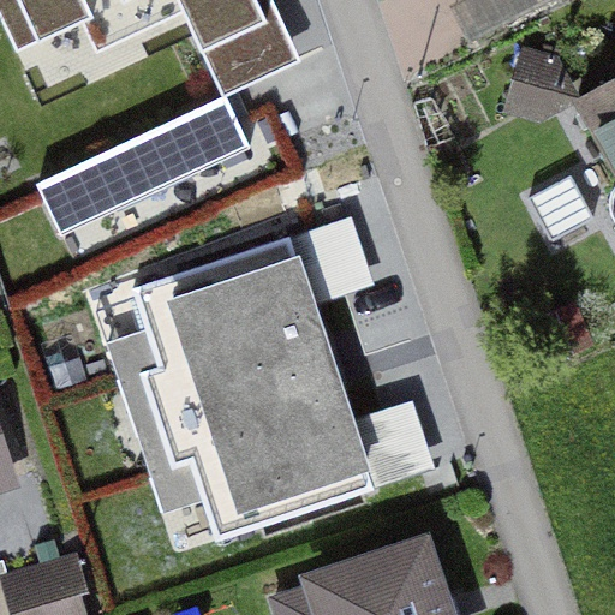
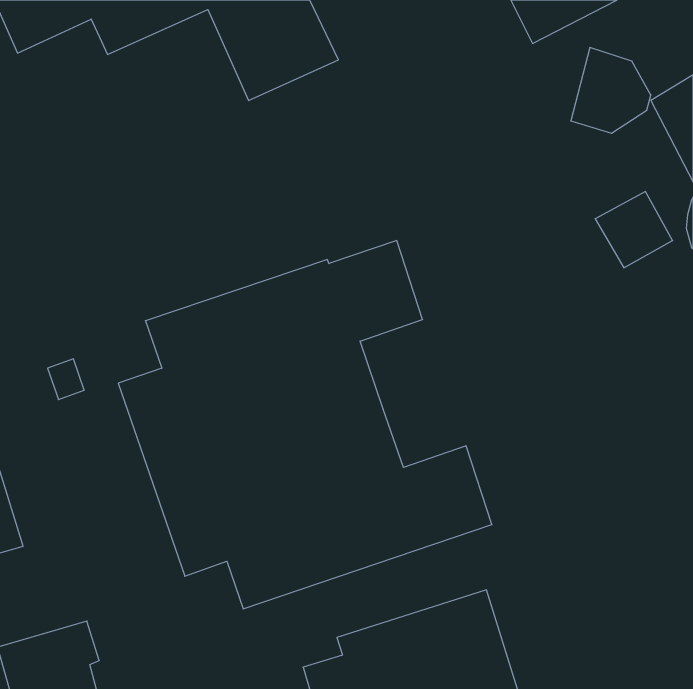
building: [35,94,250,234] -> none

